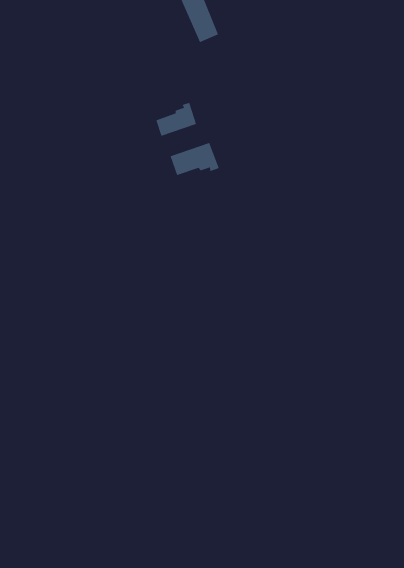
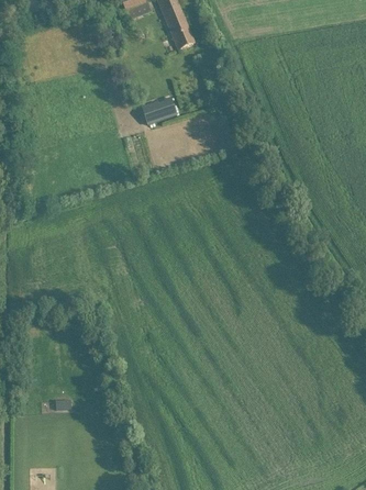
building: [170,142,219,176] -> none

